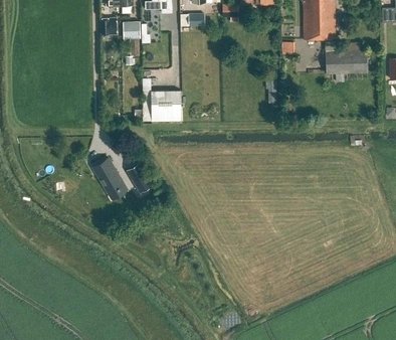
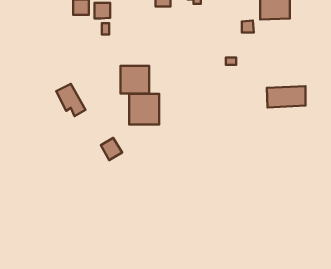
building: [325,51,367,74] -> [267,86,306,107]
building: none -> [129,94,159,125]
building: [92,158,125,193] -> [56,84,86,116]

